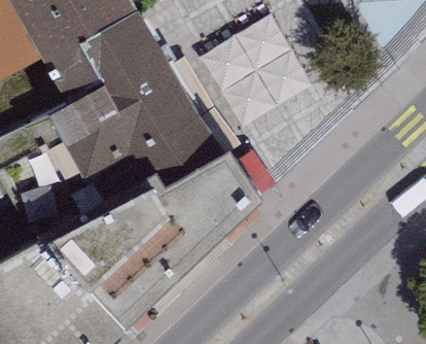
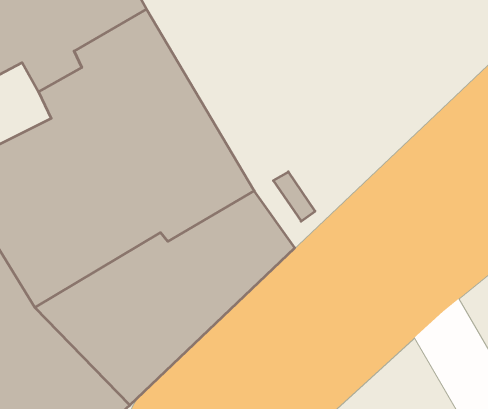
building: [213,30,303,115] -> none

